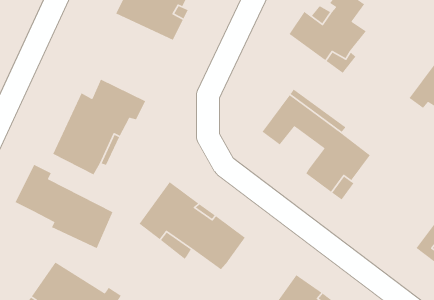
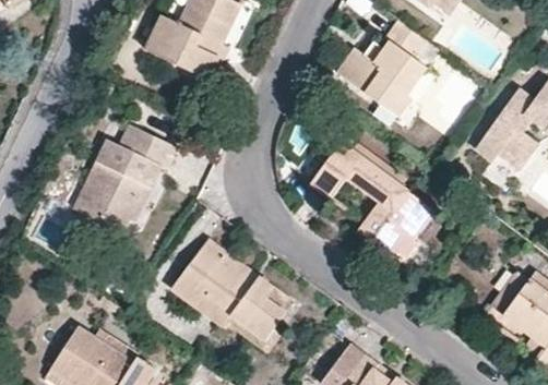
building: [14,164,114,249] -> none

